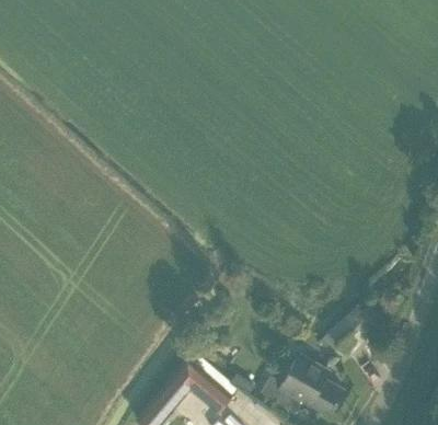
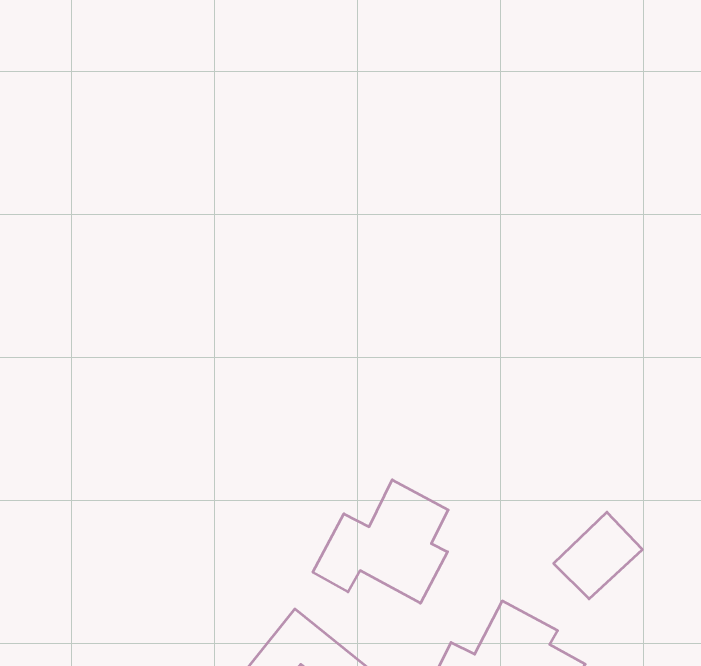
building: none -> [313,480,448,603]

